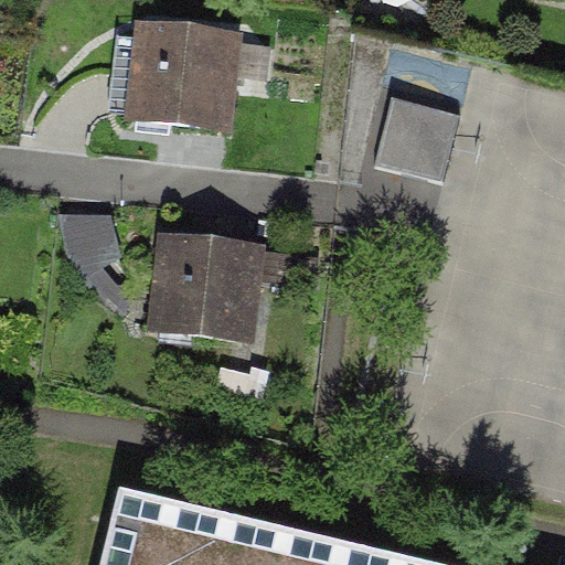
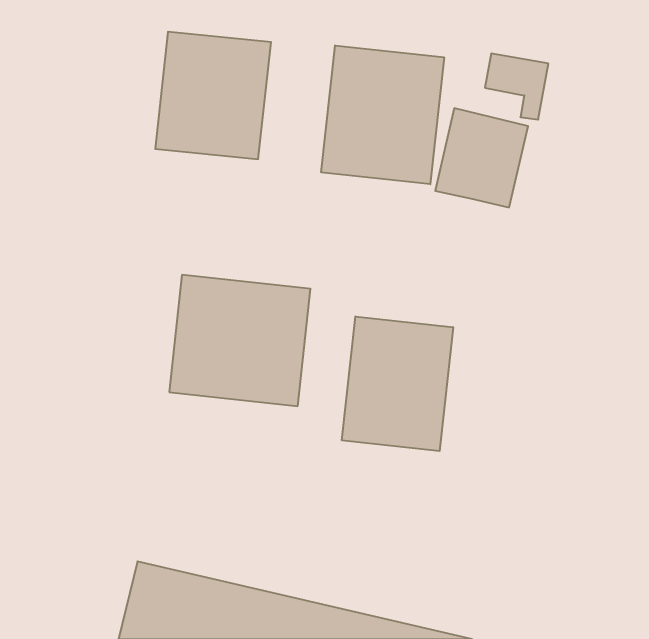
building: none -> [321,45,444,184]
building: none -> [342,316,453,451]

